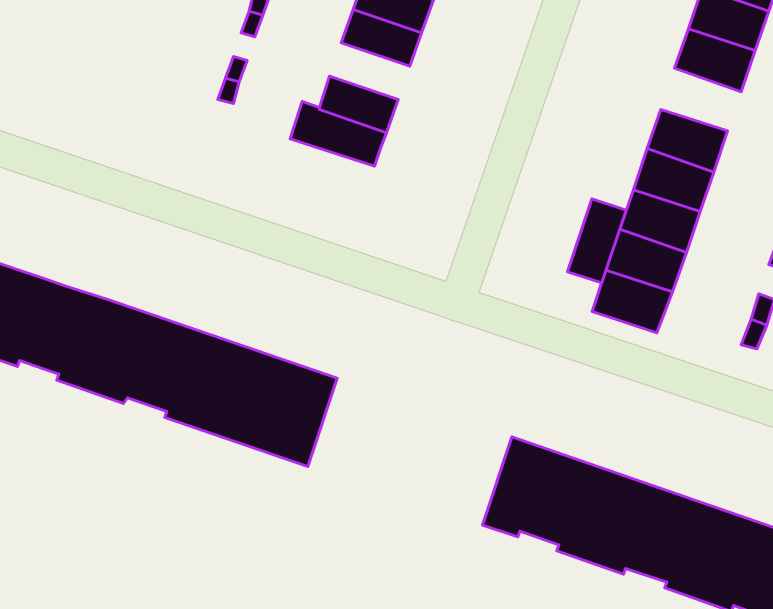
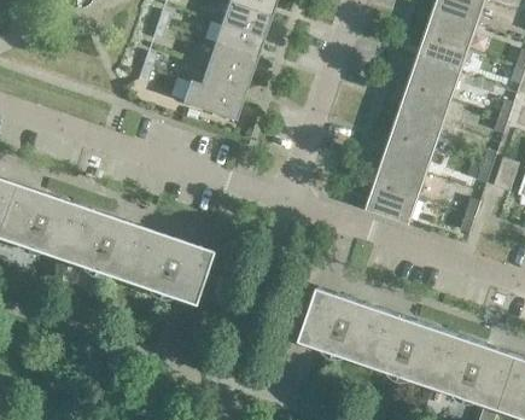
building: none -> [205,45,255,80]
building: none -> [409,60,459,99]
building: [567,199,626,283] -> none

